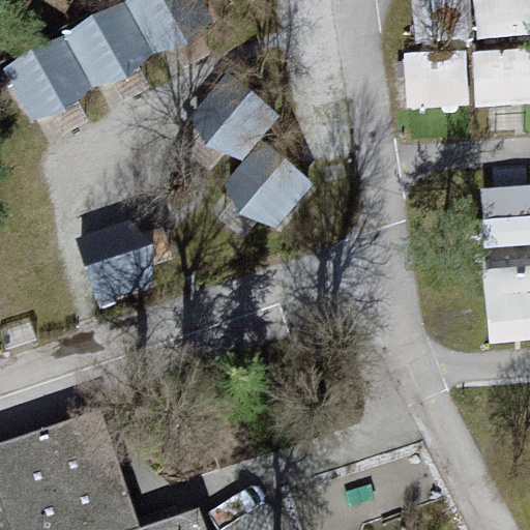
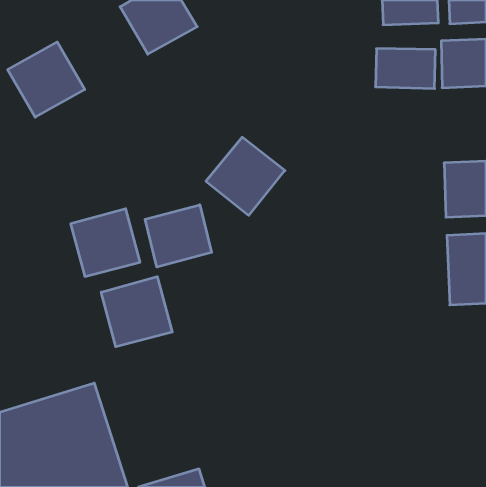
building: [70,11,154,93] -> none
building: [190,70,276,156] -> none
building: none -> [145,205,212,267]
building: none -> [101,277,172,347]

